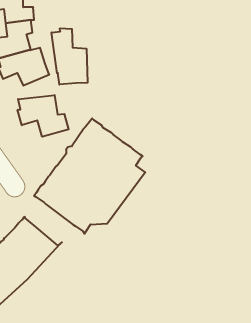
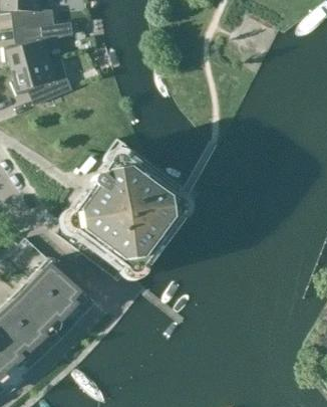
building: [52,28,88,85] -> none
building: [18,95,69,137] -> none

